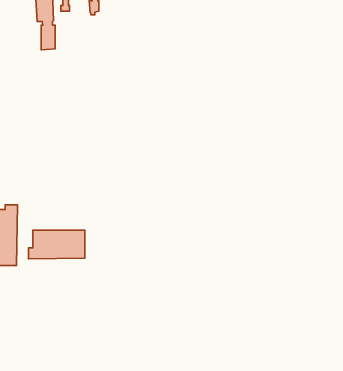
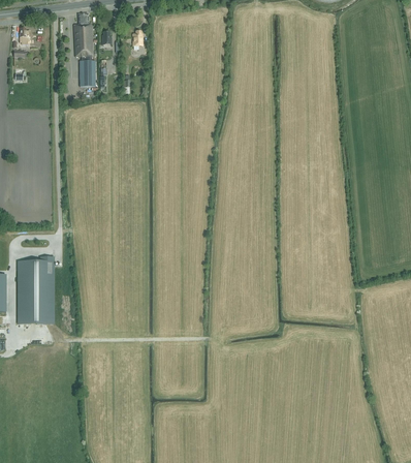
building: [28,230,85,259] -> none

